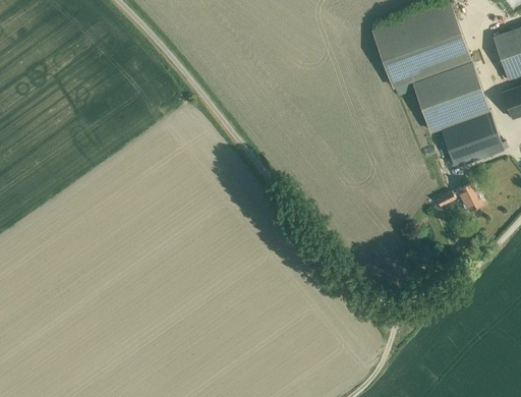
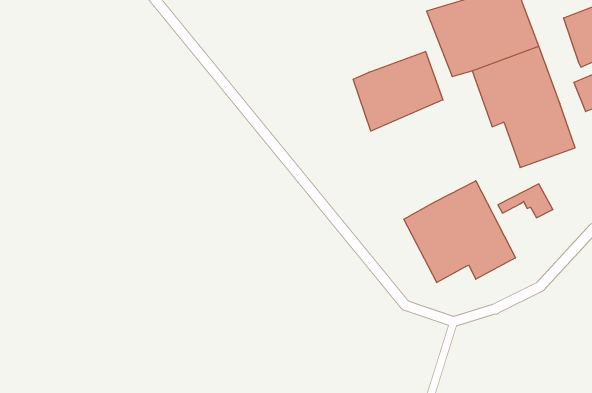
building: none -> [353,51,443,131]
building: none -> [404,181,515,283]

